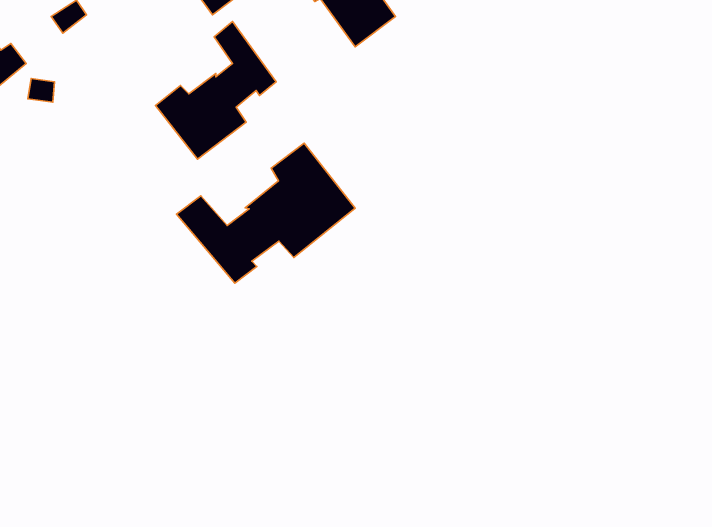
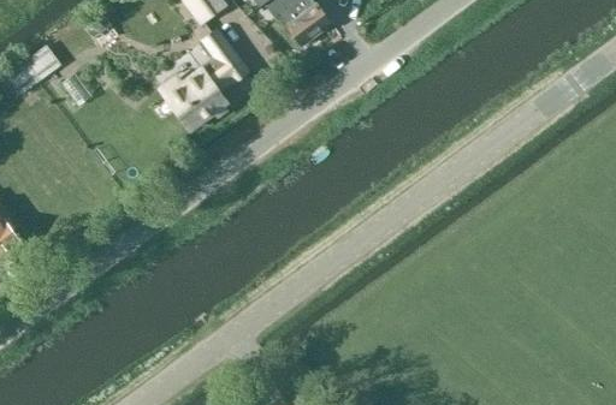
building: [176,143,355,283] -> none

